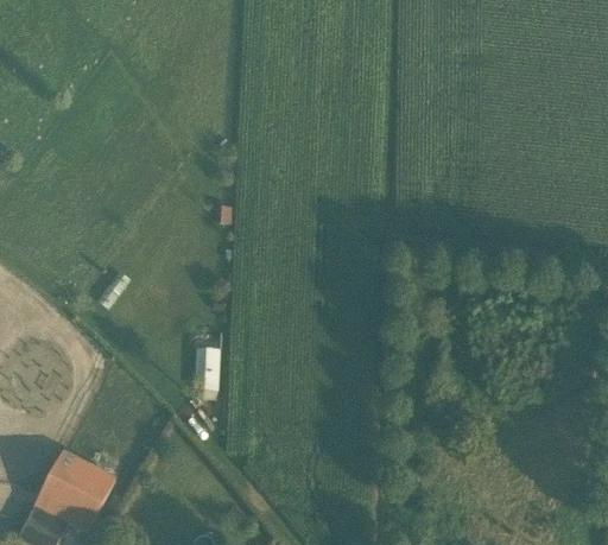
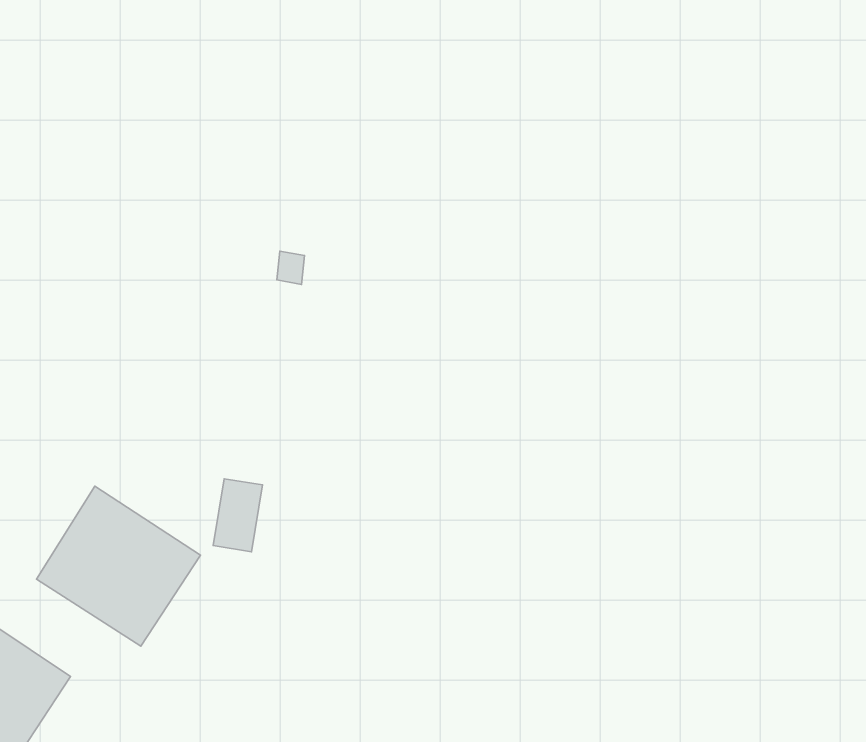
building: none -> [37,486,200,646]

